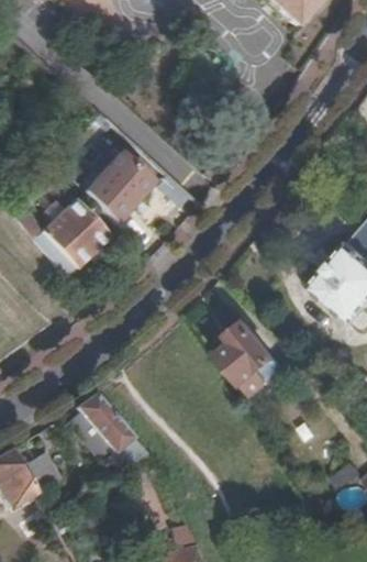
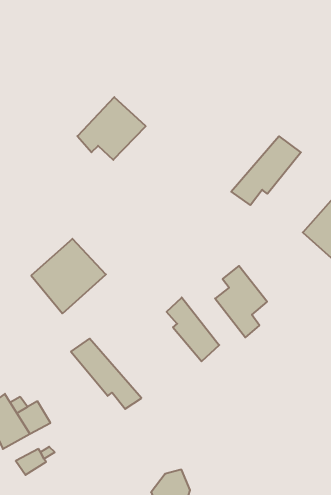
building: none -> [231,136,301,205]
building: [30,199,105,275] -> [31,239,106,313]
building: none -> [167,297,219,361]

